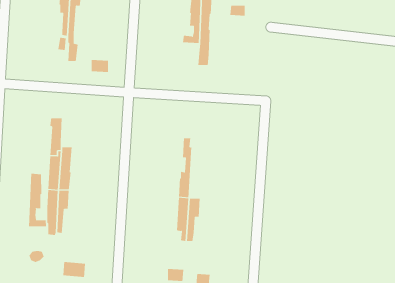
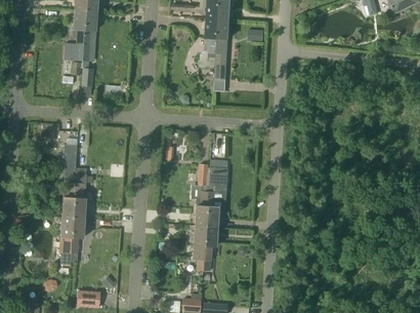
building: none -> [206,164,227,226]
building: [28,173,47,227] -> none

